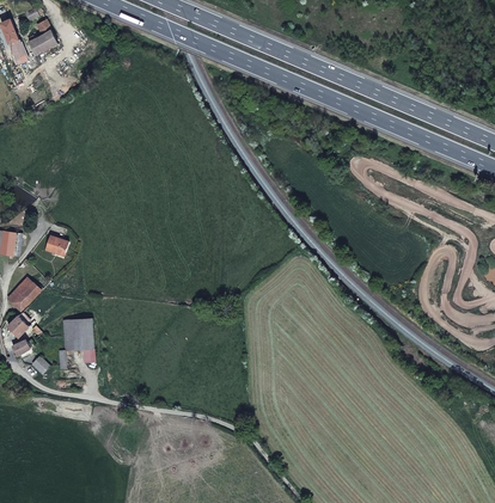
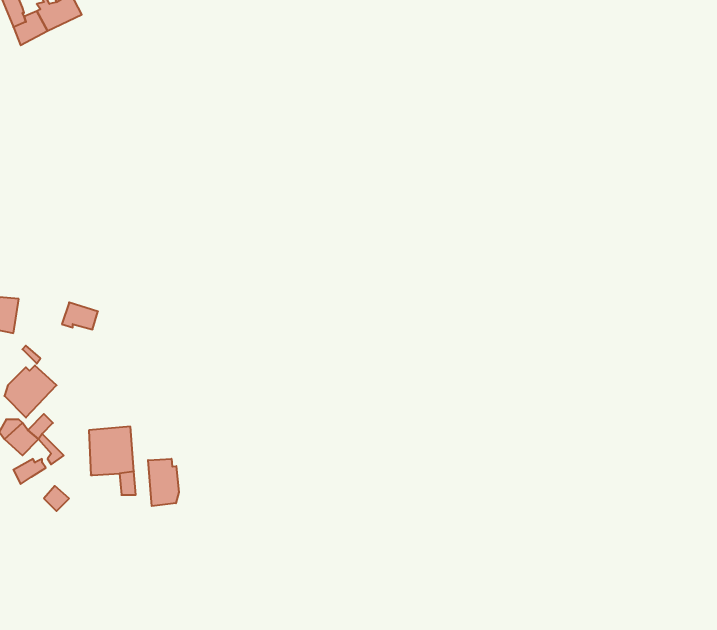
building: none -> [148,459,179,506]

